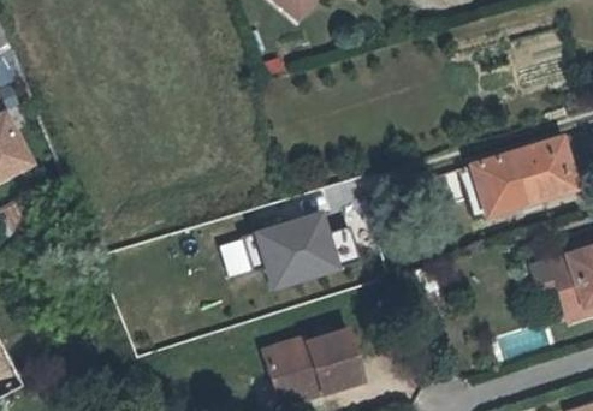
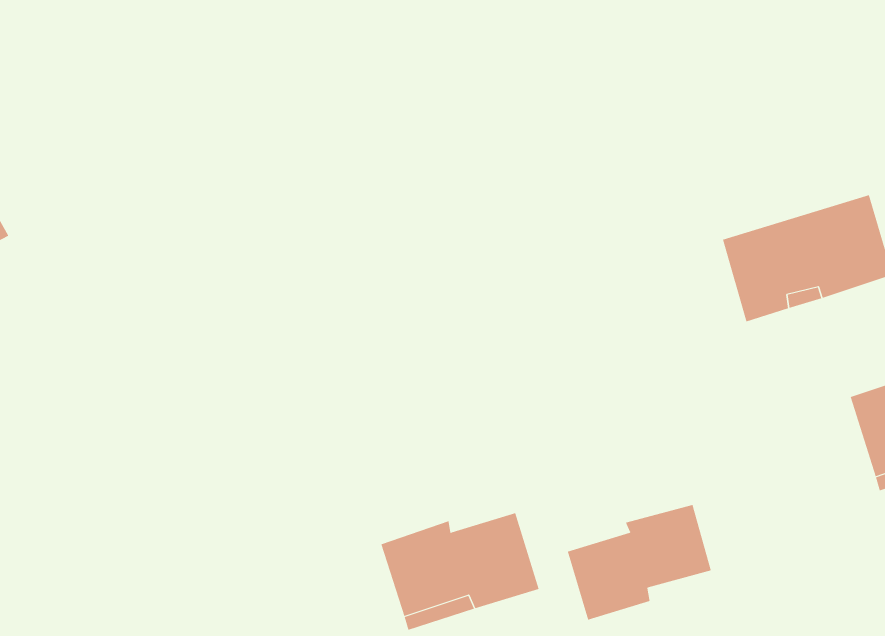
building: [247,210,357,290] -> none
building: none -> [567,504,711,620]

